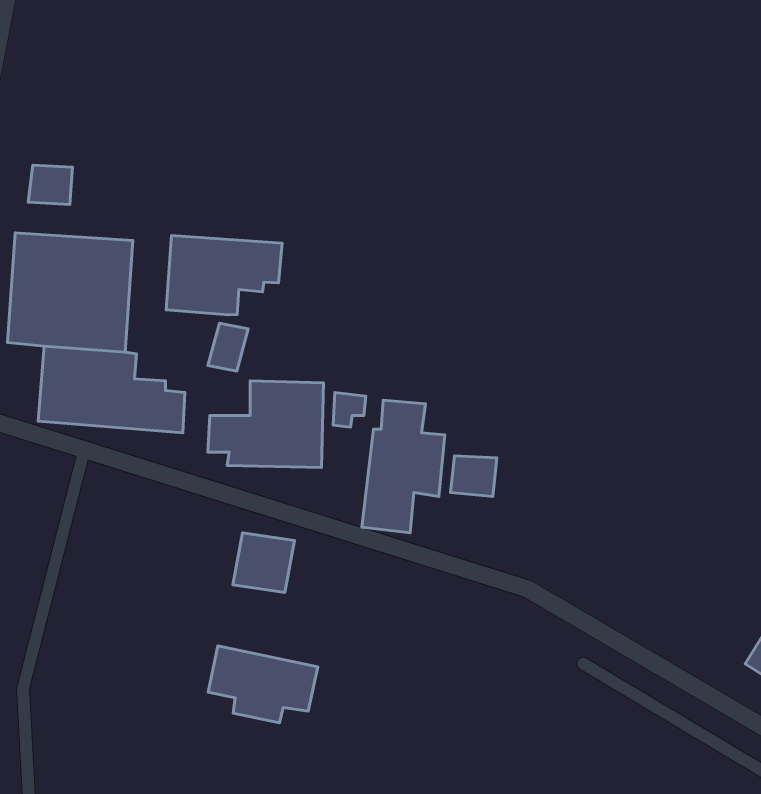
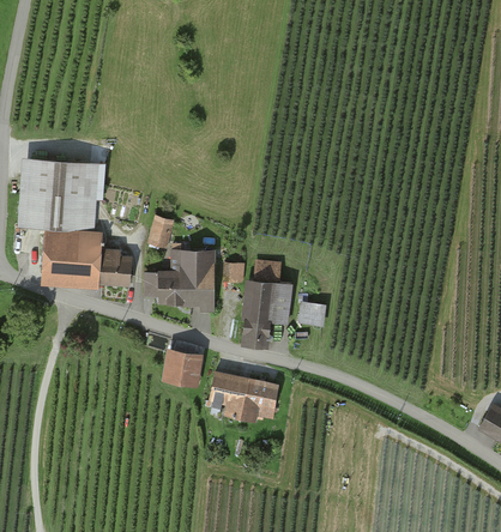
building: [28,165,72,205] -> none
building: [166,235,282,315] -> none
building: [208,646,318,723] -> [210,371,278,419]

